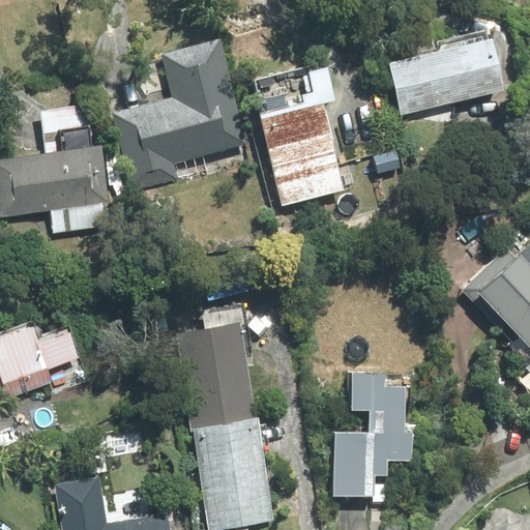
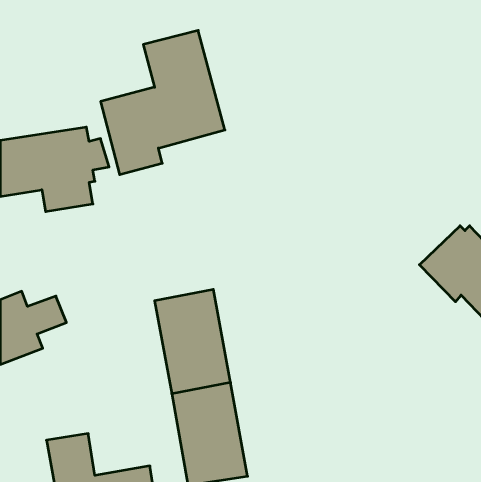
building: [389,35,504,115] -> none
building: [253,63,346,209] -> none
building: [331,370,422,496] -> none

